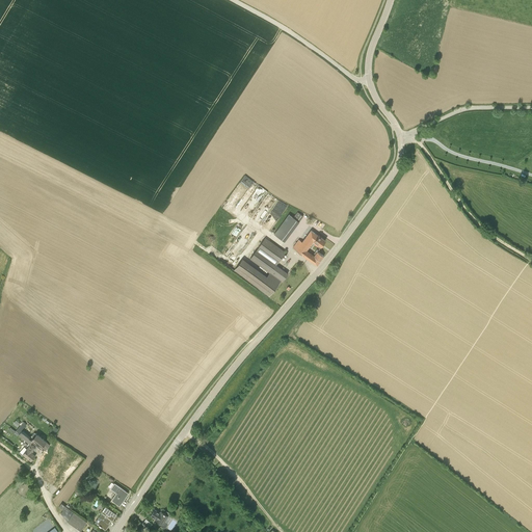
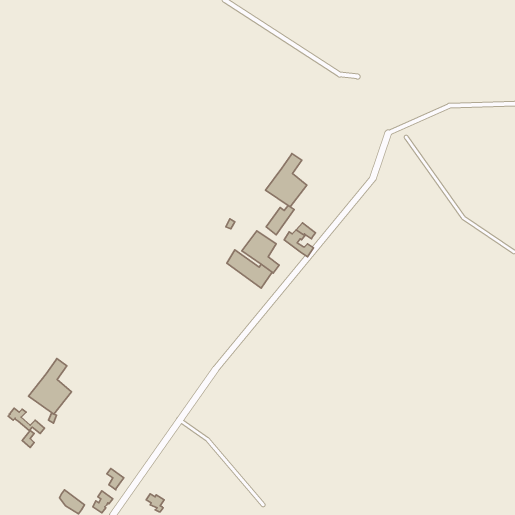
building: none -> [266,153,307,207]
building: none -> [29,359,71,414]

